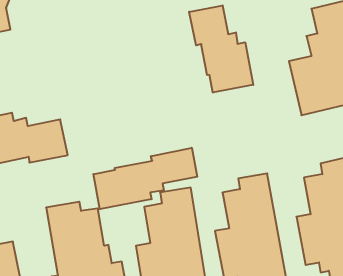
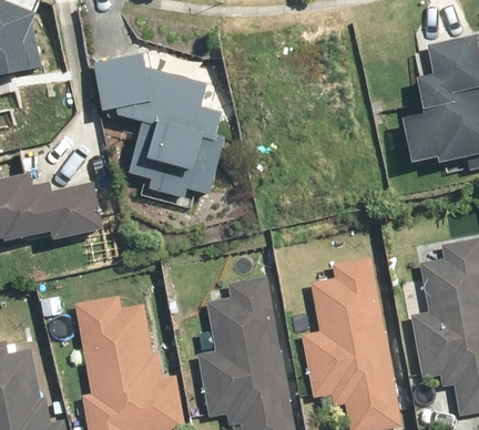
building: [189,5,253,93] -> none
building: none -> [93,54,224,198]
building: [93,148,197,209] -> none

